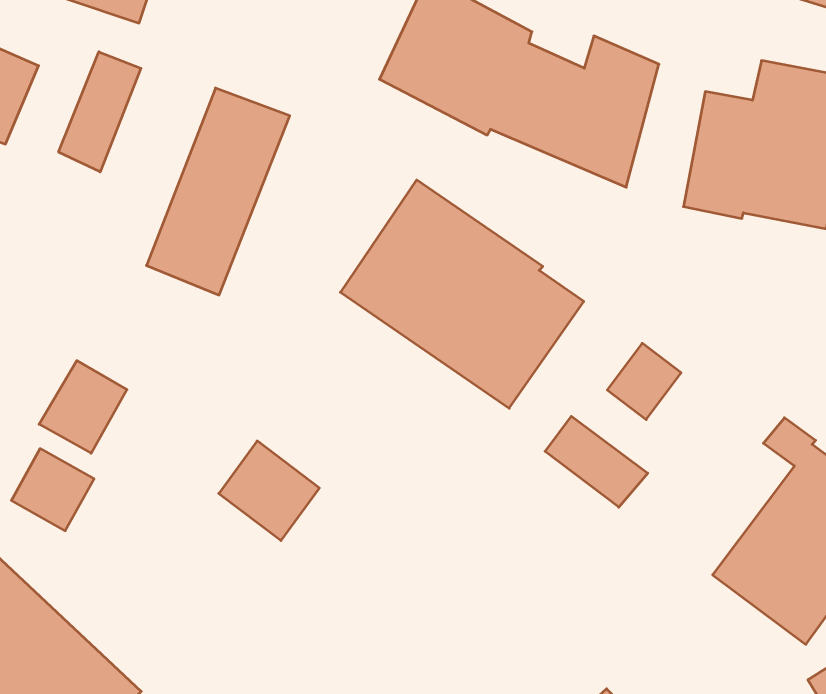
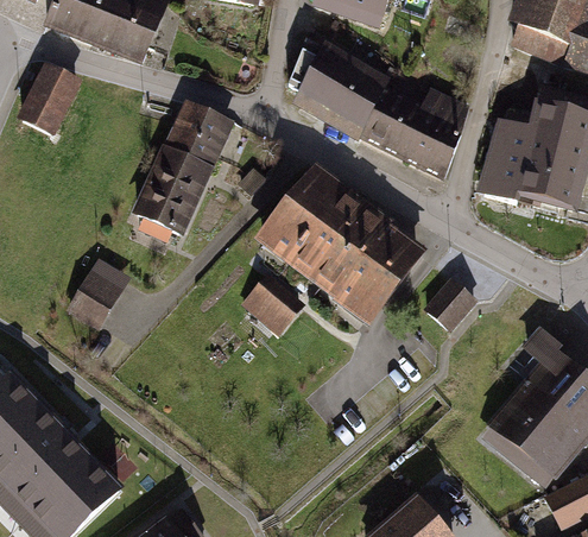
building: [59,52,141,172] -> none
building: [545,416,648,507] -> none
building: [219,441,319,541] -> [240,271,304,335]
building: [11,449,94,531] -> none

